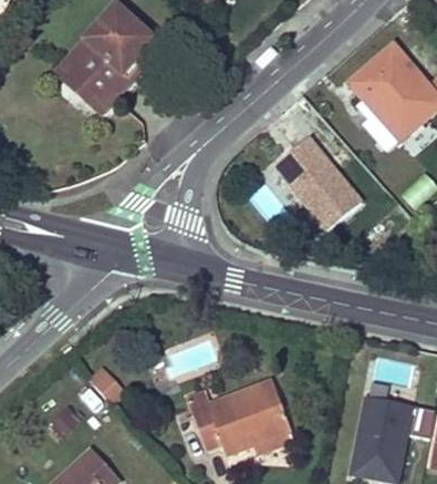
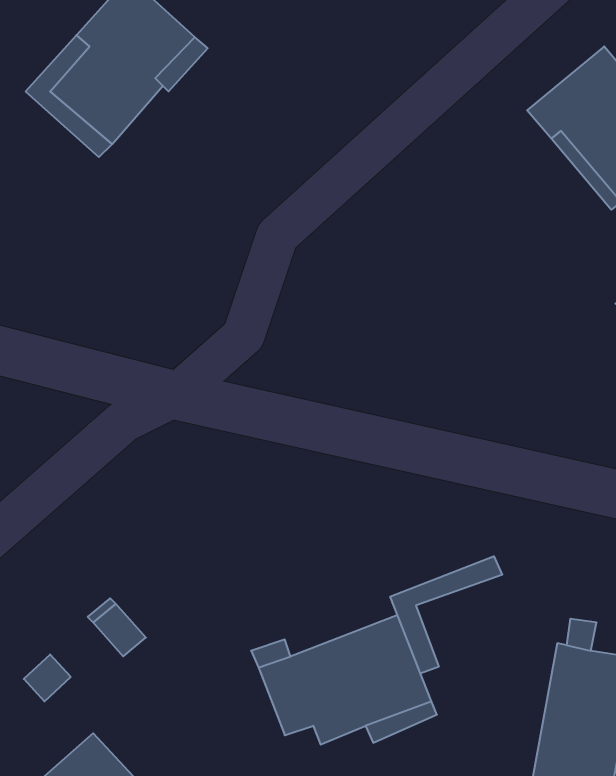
building: [277,135,361,225] -> none
building: none -> [390,556,502,673]

